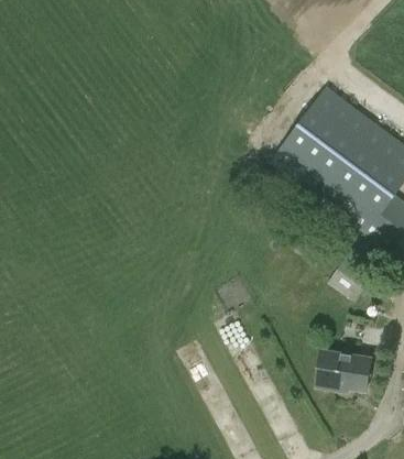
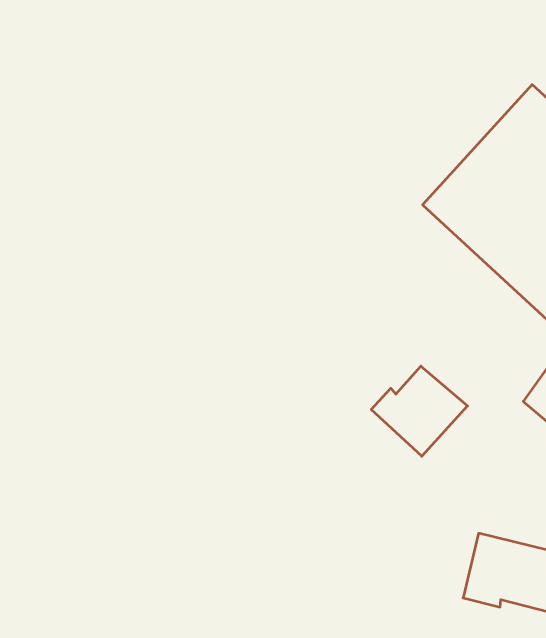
building: none -> [371,366,468,456]

